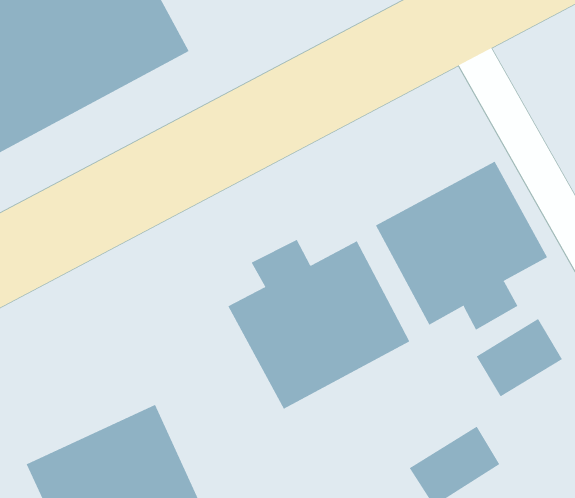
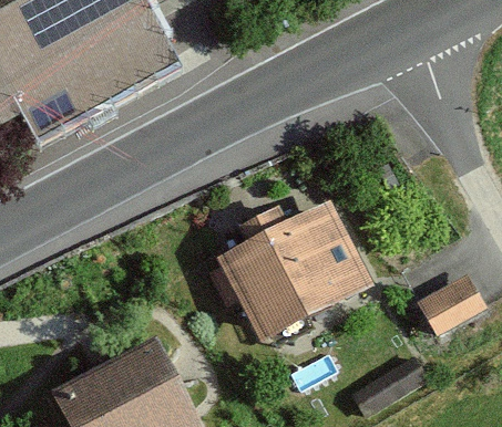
building: [375,161,548,330] -> none

